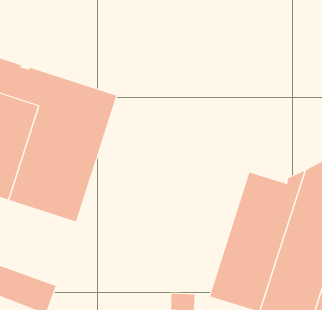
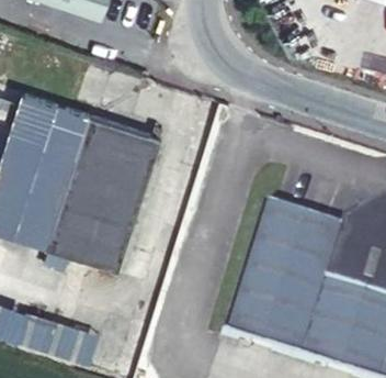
building: none -> [220,203,299,346]

